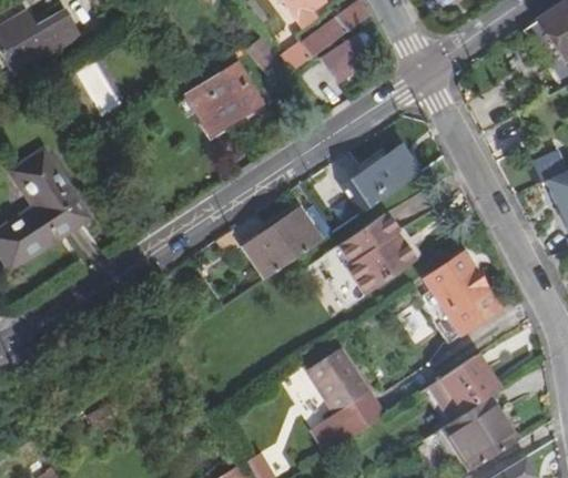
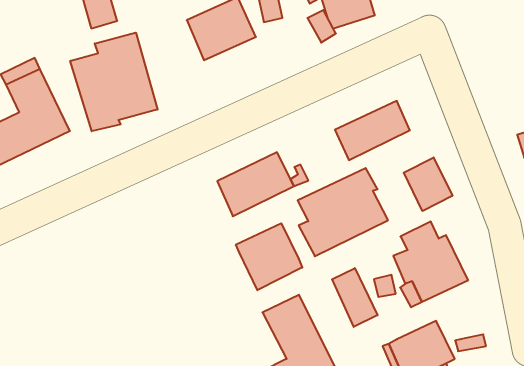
building: none -> [70,33,158,131]
building: none -> [404,157,452,211]
building: none -> [236,223,302,290]
building: none -> [332,268,378,327]

